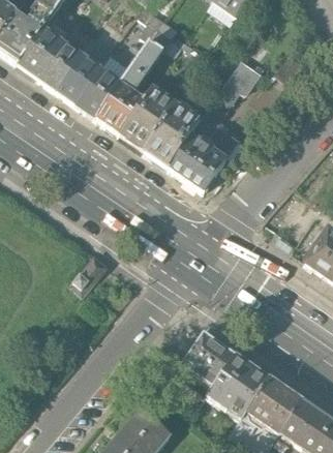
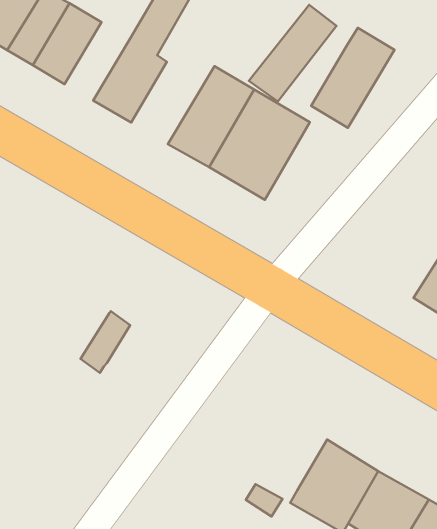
building: [75,60,122,113] -> none
building: [119,79,178,146] -> [311,28,394,128]
building: [186,333,237,387] -> none

